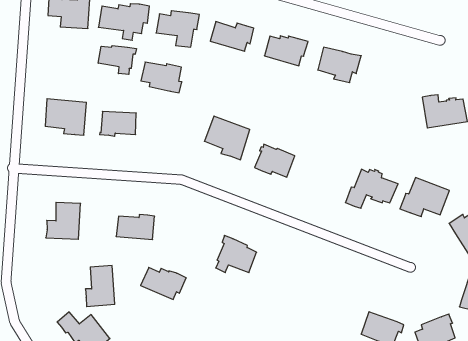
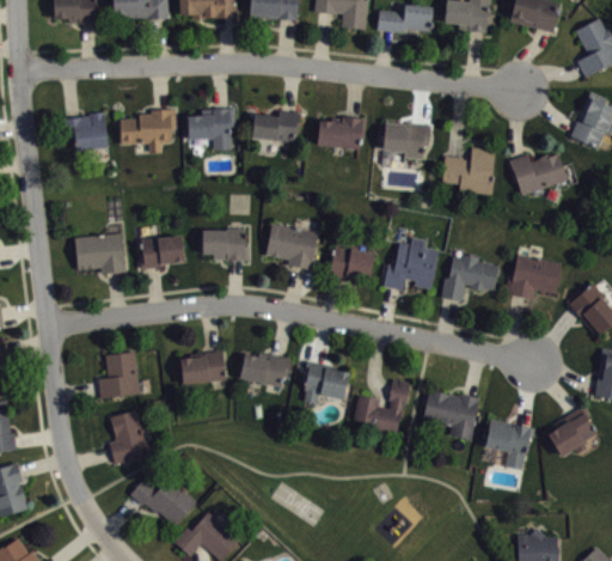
building: [98,46,136,74] -> none
building: [141,62,182,93] -> [201,228,249,260]
building: none -> [442,147,494,194]
building: none -> [382,238,439,289]
building: none -> [354,379,409,433]
building: [85,266,115,307] -> [109,410,146,463]
building: [141,267,186,299] -> [239,353,290,386]
building: none -> [422,390,479,439]

